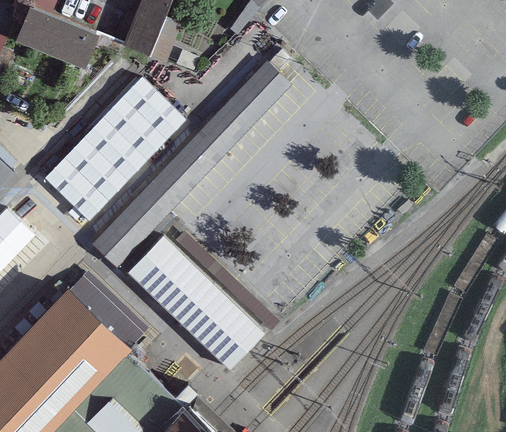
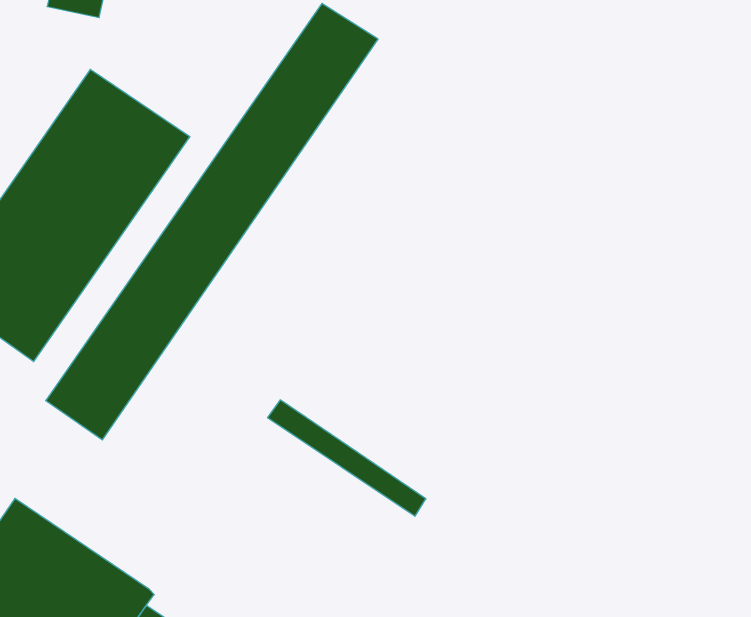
building: [126,237,264,370] -> none
building: [66,272,148,351] -> none

